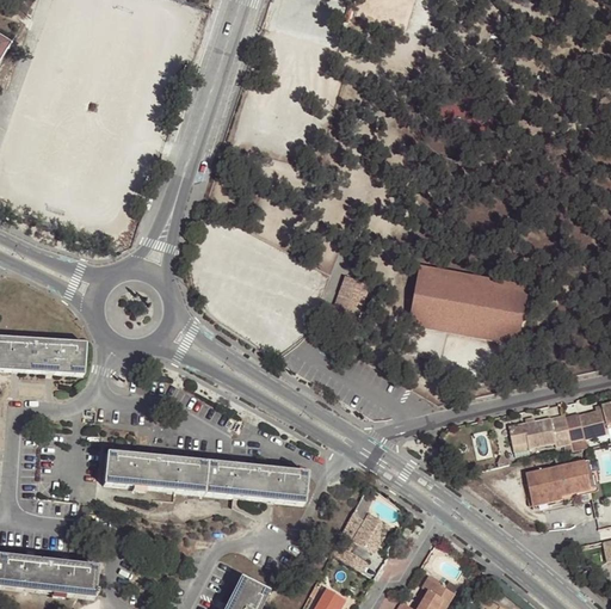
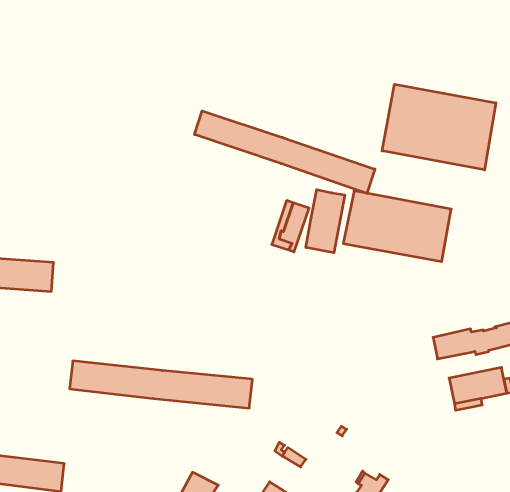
building: none -> [382,84,496,170]
building: none -> [195,111,375,193]
building: none -> [306,190,345,253]
building: [342,511,389,552] -> none

